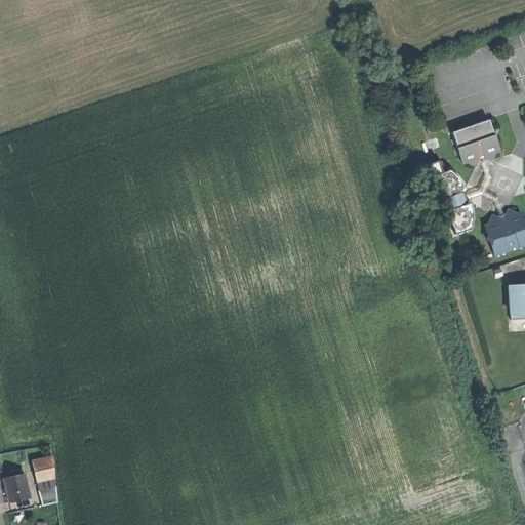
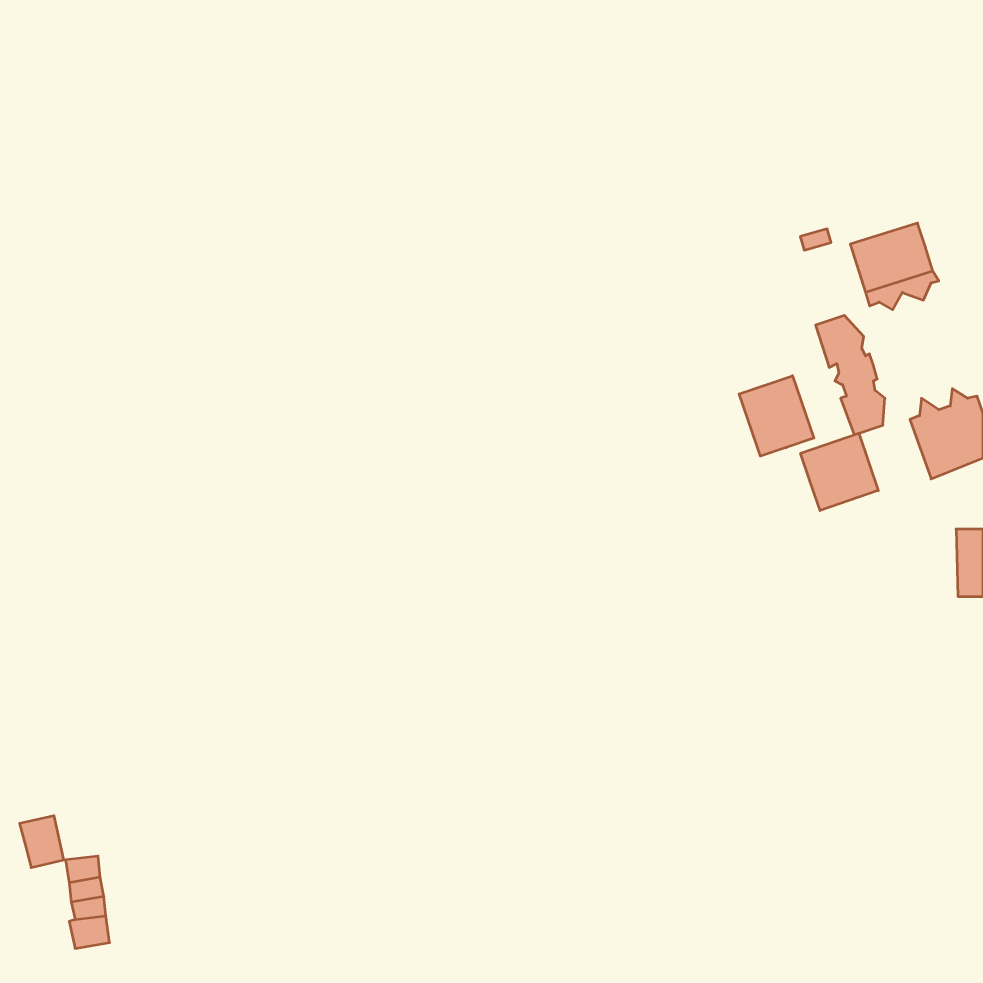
building: none -> [739,376,814,456]
building: none -> [801,433,878,511]
building: [7,475,31,502] -> [20,816,64,868]

